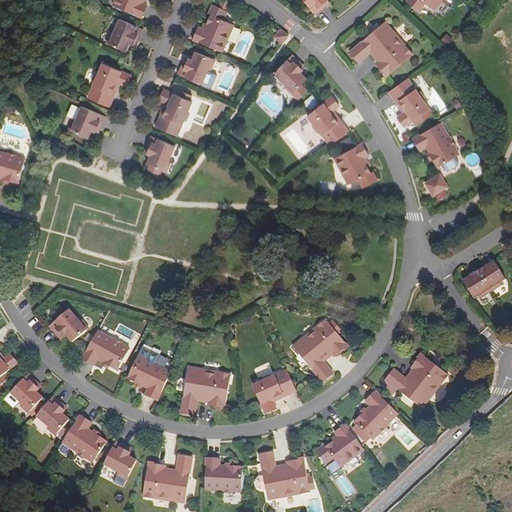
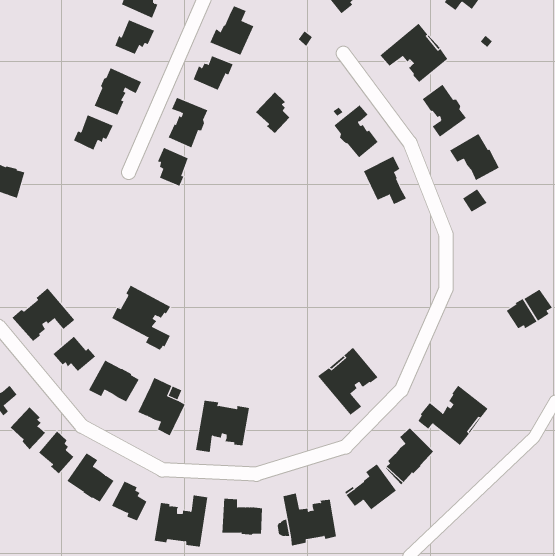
building: [272,55,304,94] -> [255,91,290,134]
building: none -> [111,285,171,351]
building: none -> [12,288,75,342]
building: [251,369,295,413] -> none

